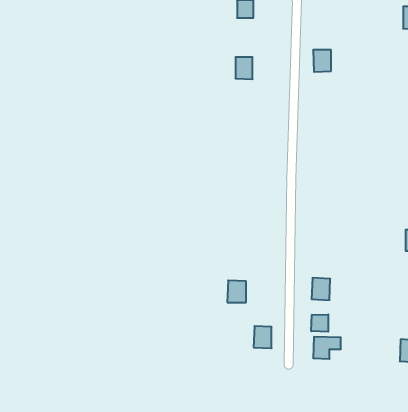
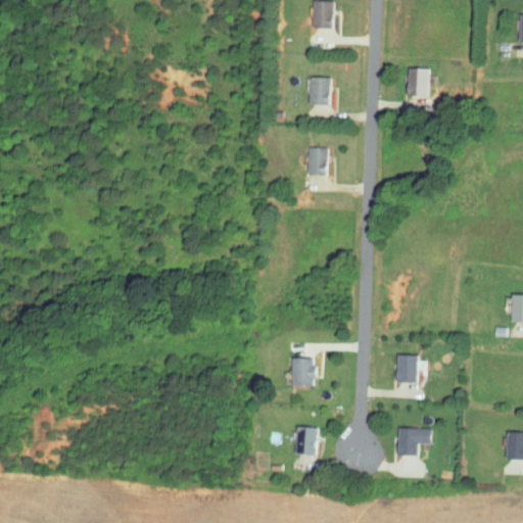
building: none -> [304,149,325,177]
building: [311,314,328,332] -> none
building: [254,326,272,348] -> [300,427,323,455]

